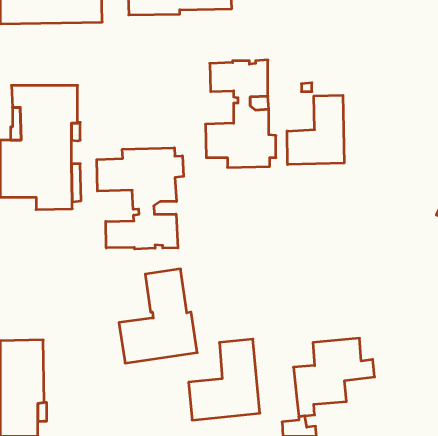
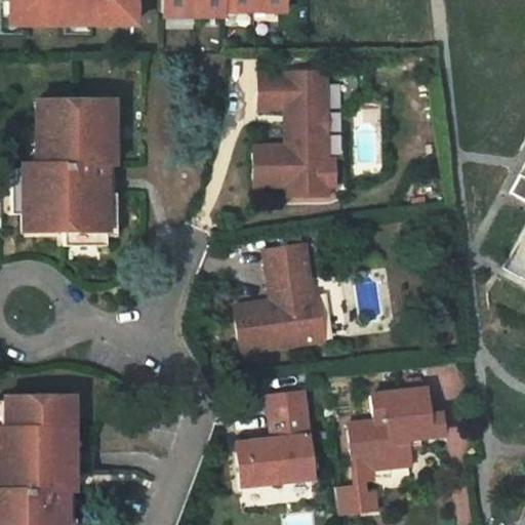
building: [287,95,344,165] -> none
building: [97,148,184,249] -> none
building: [119,269,197,363] -> [234,245,325,355]

